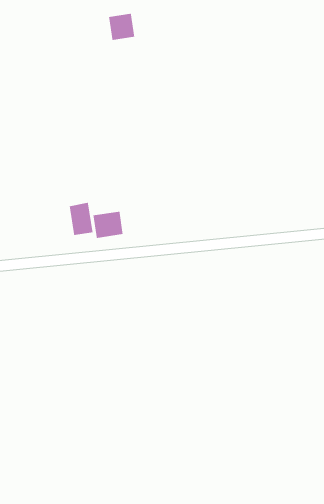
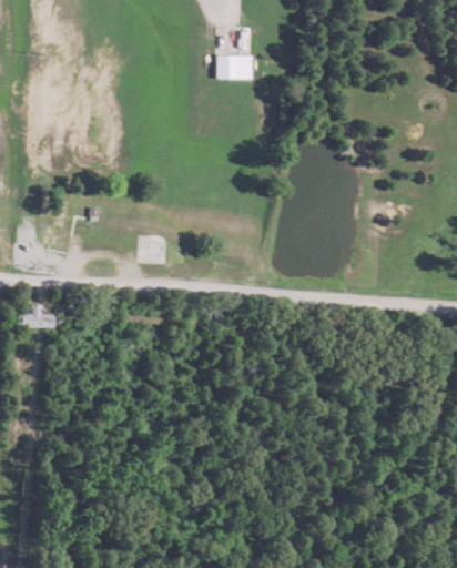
building: [93,211,124,239] -> none

